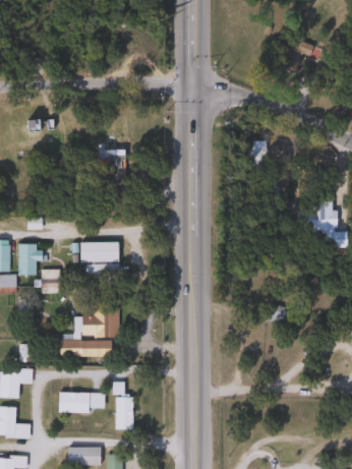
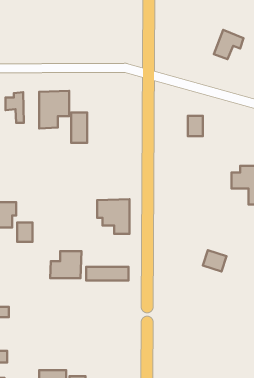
building: none -> [39,91,69,129]
building: [80,241,119,283] -> [97,199,129,234]
building: [60,340,111,356] -> [86,267,128,281]
building: [59,393,105,412] -> none
building: [116,397,133,429] -> none

